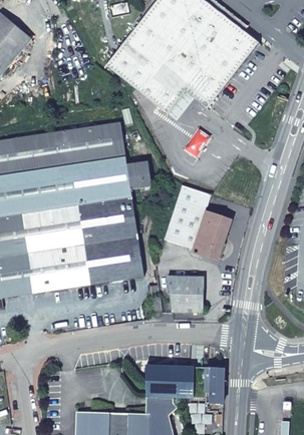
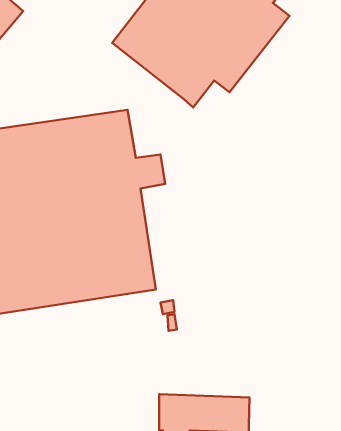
building: [165,185,230,259] -> none
building: [168,276,203,312] -> none

